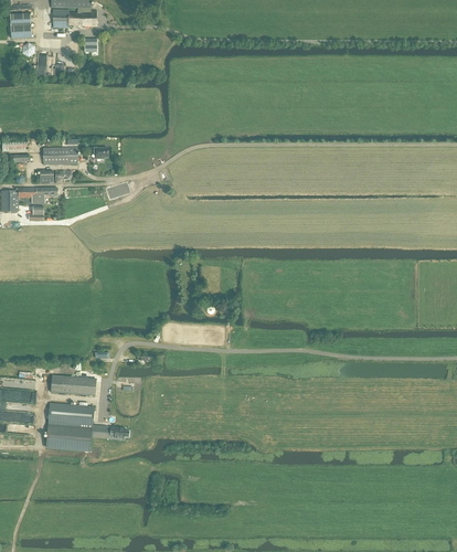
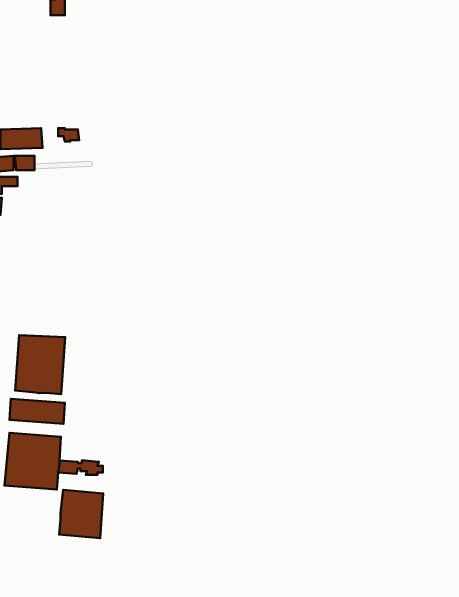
building: none -> [15,335,65,394]
building: none -> [59,490,103,538]

